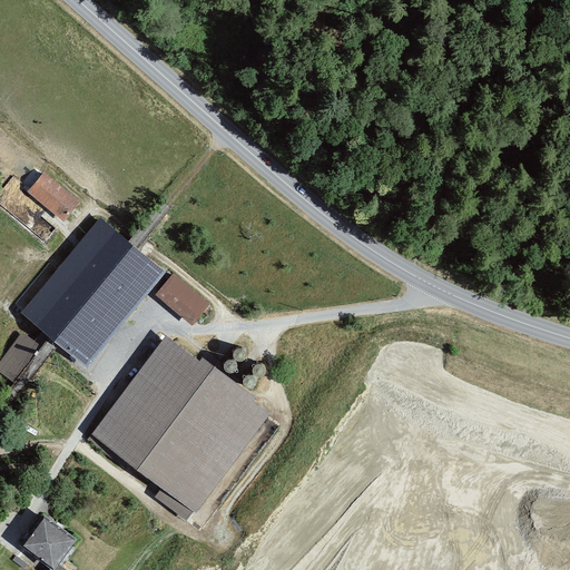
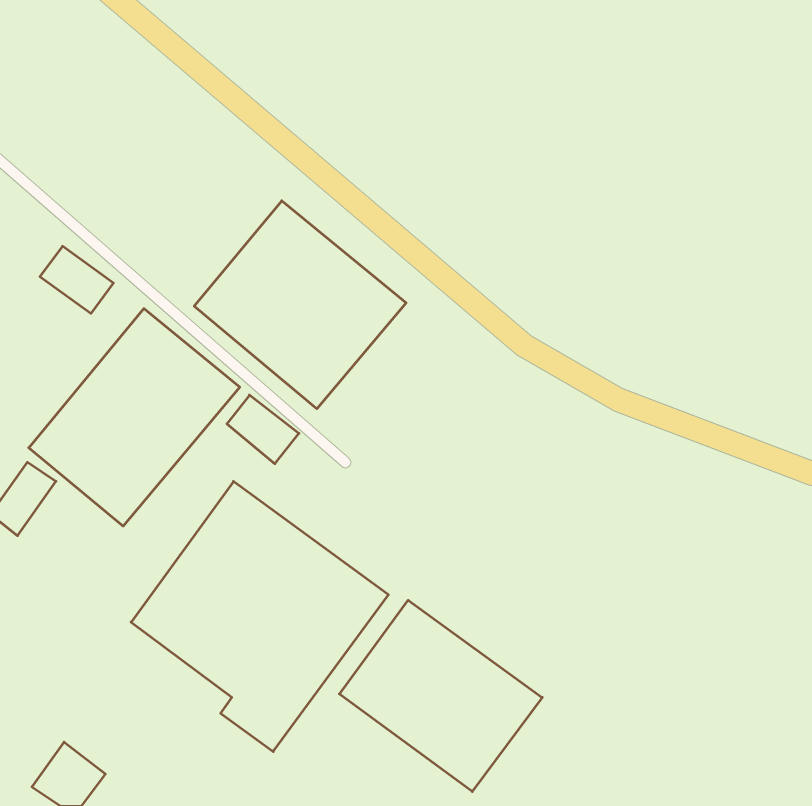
building: none -> [194,201,406,409]
building: none -> [339,600,542,792]

